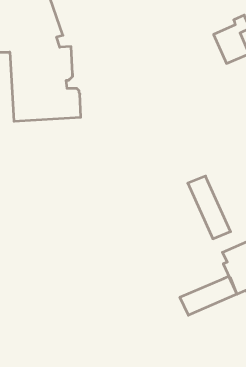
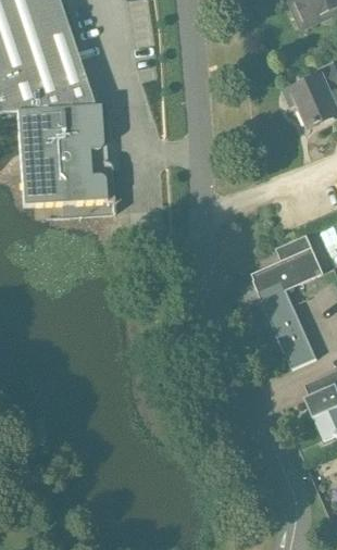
building: none -> [251,233,323,290]
building: [180,276,237,315] -> none

